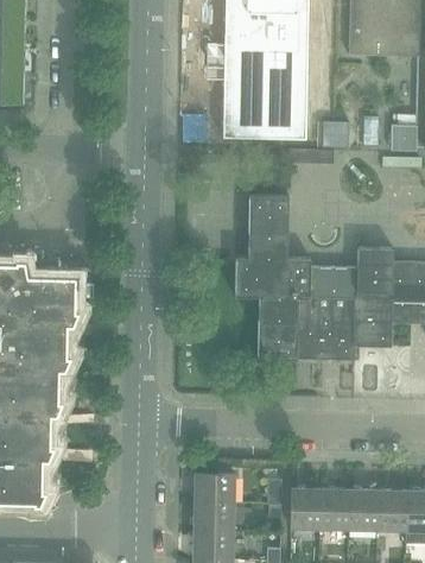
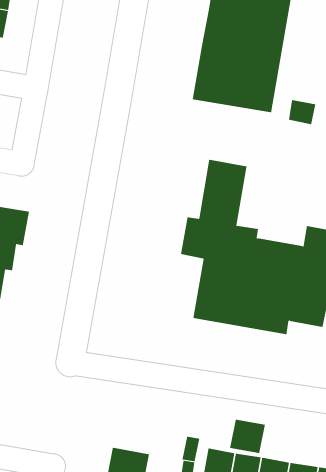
building: none -> [229,419,266,454]
building: [195,473,235,504] -> none

